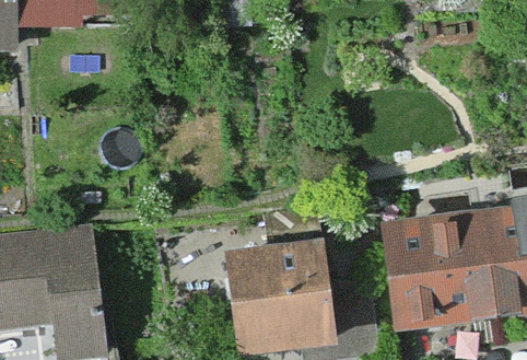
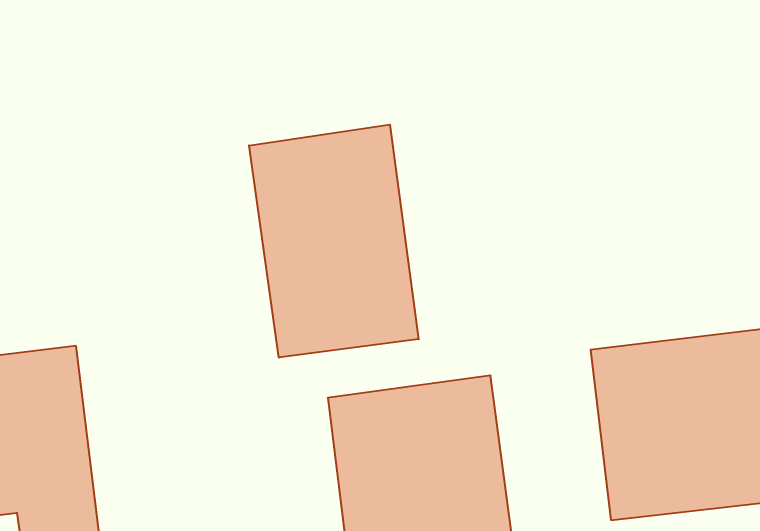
building: none -> [249,125,419,358]

